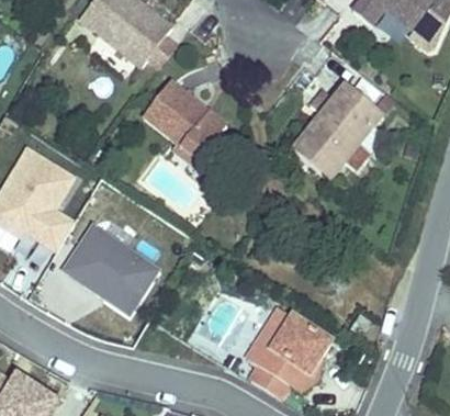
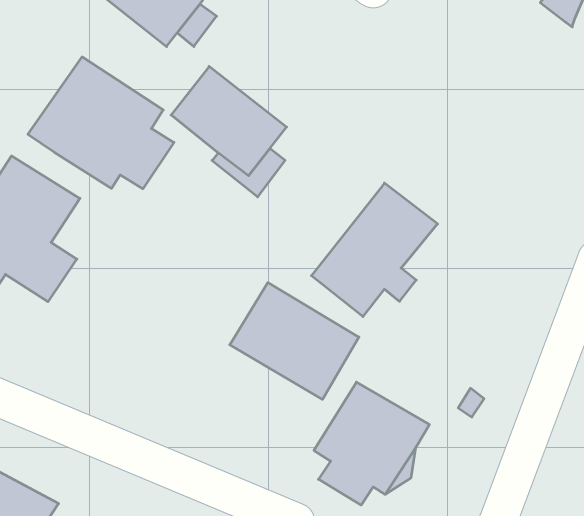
building: none -> [28,57,174,189]
building: [292,82,383,179] -> [311,183,438,317]
building: [64,223,157,307] -> [230,283,359,399]

